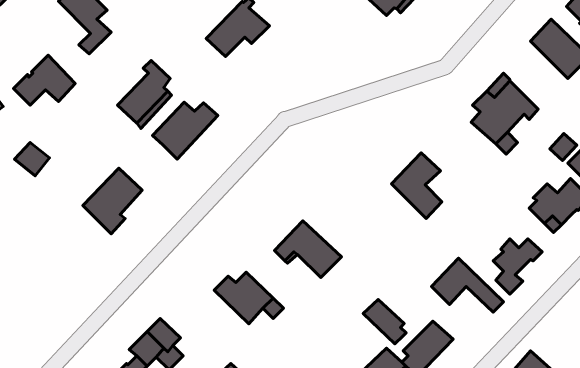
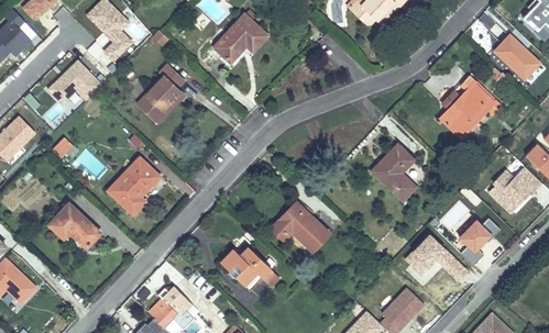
building: [152,102,218,159] -> none
building: none -> [47,202,99,246]
building: [363,299,406,344] -> none

